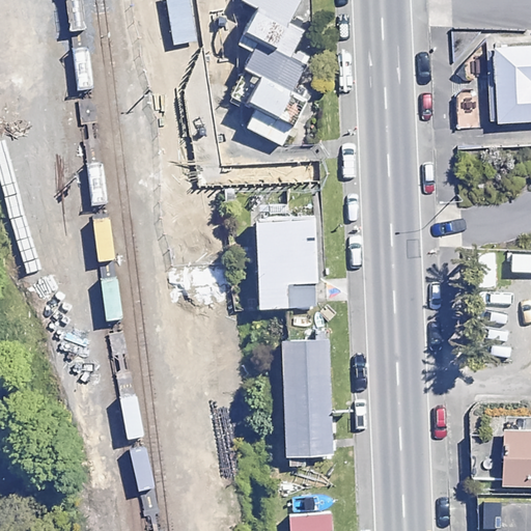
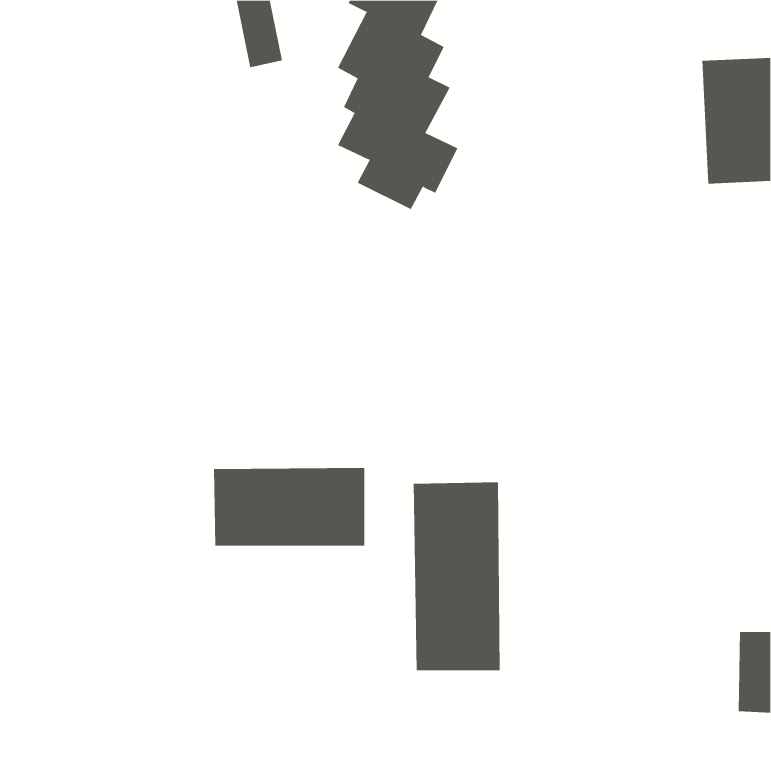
building: [254,205,326,300] -> none
building: none -> [214,467,365,547]

